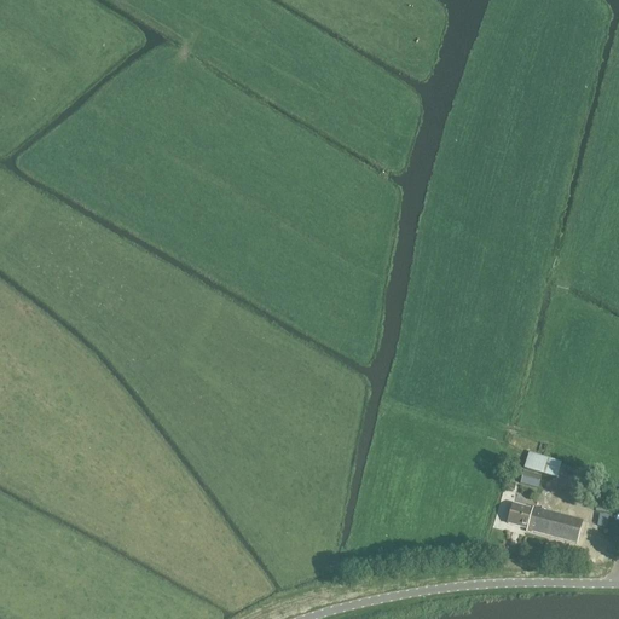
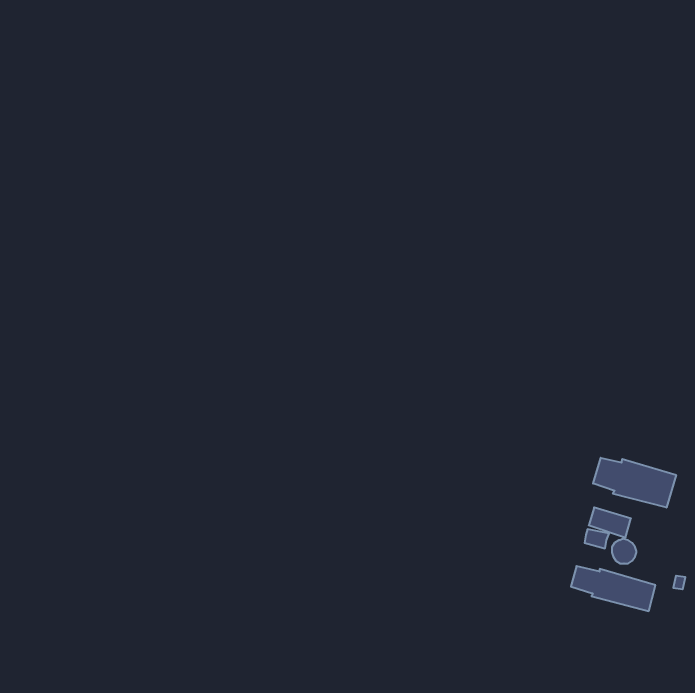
building: none -> [593,458,676,508]

